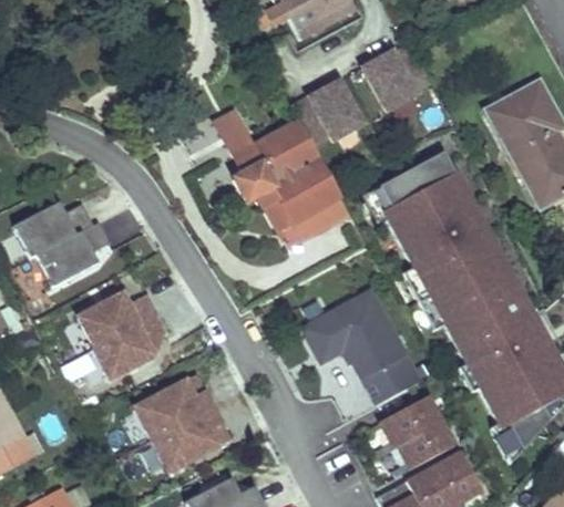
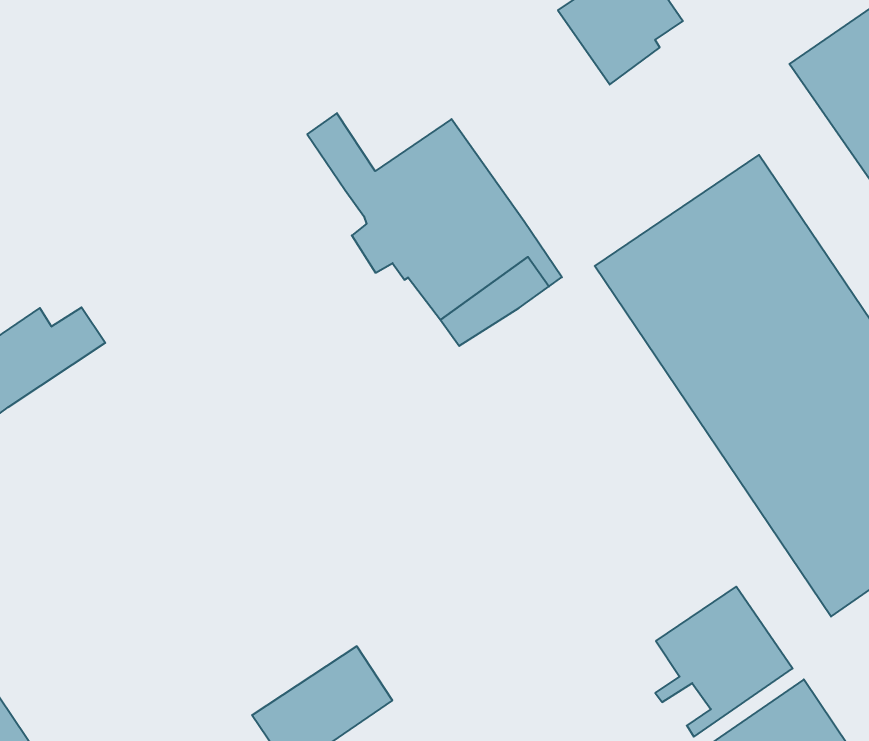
building: [291,80,362,142] -> none
building: [34,221,110,287] -> none
building: [301,290,420,404] -> none
building: [78,292,164,380] -> none
building: [134,374,214,439] -> none

